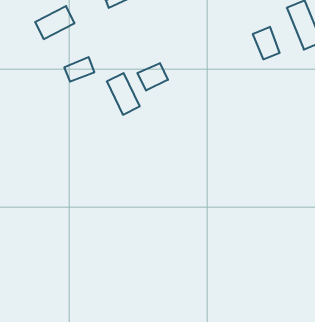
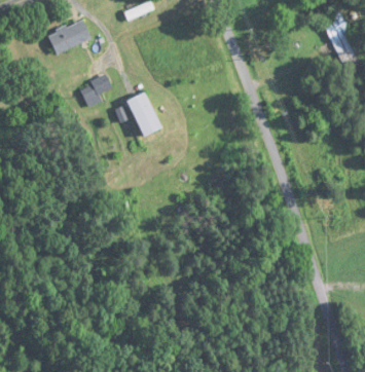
building: [253,27,280,59] -> none
building: [137,63,168,91] -> none

